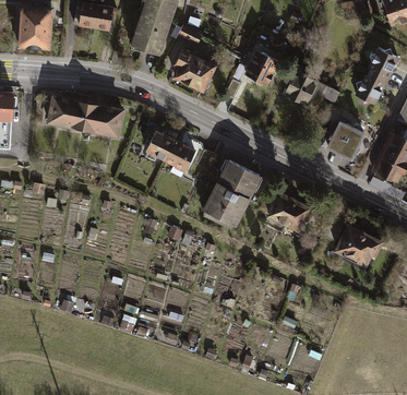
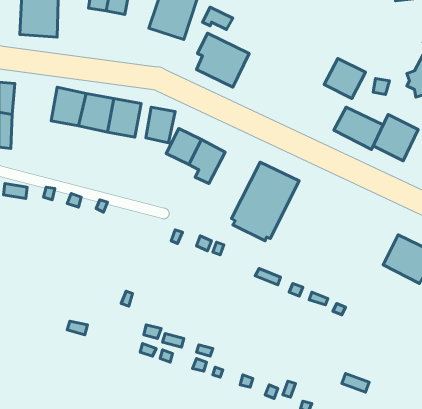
building: [244,49,282,85] -> none
building: none -> [146,107,175,143]
building: none -> [334,107,383,149]
building: [266,190,312,232] -> none

